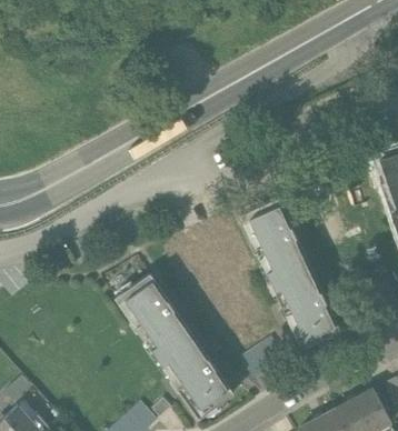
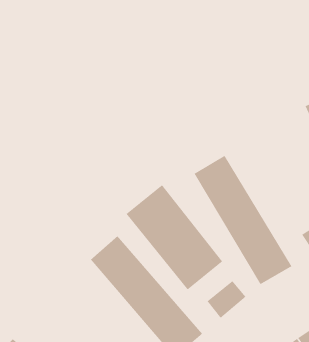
building: none -> [126,184,223,291]

